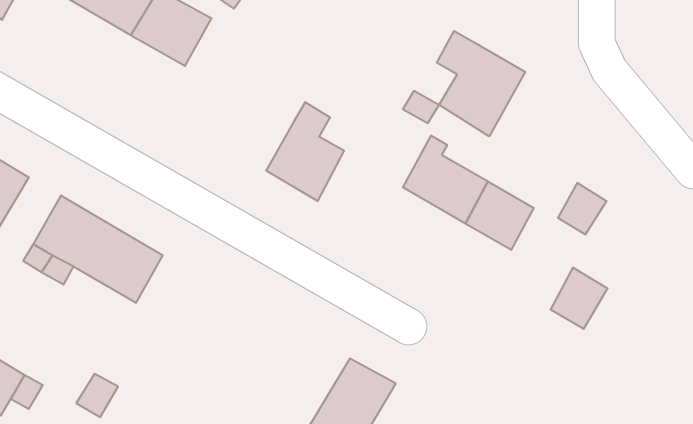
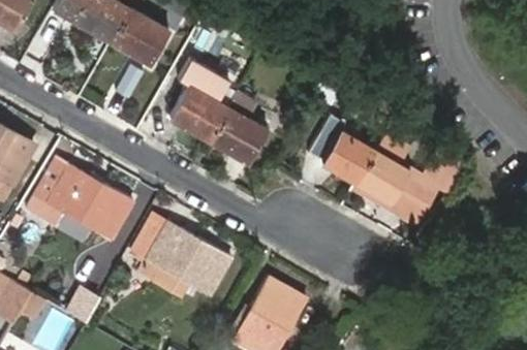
building: [437,31,525,136] -> none
building: none -> [168,59,229,140]
building: [550,268,608,329] -> [391,168,433,214]
building: none -> [133,216,231,298]

